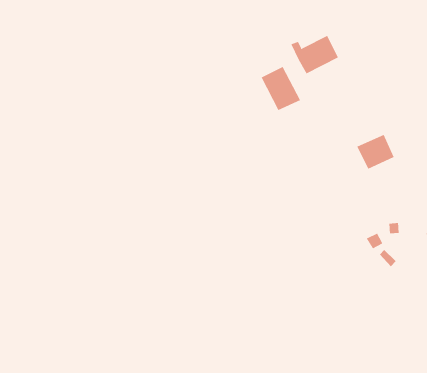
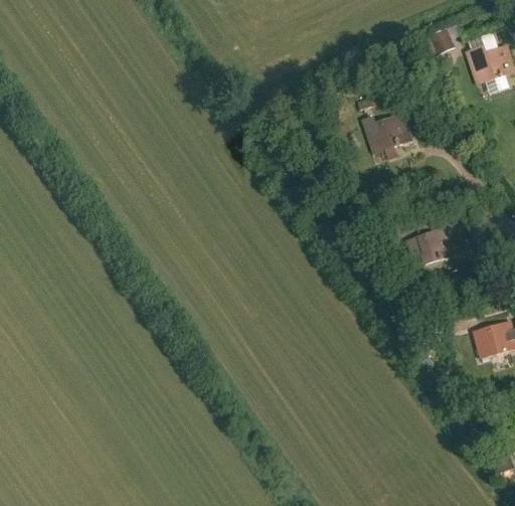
building: [261,66,301,111] -> none

